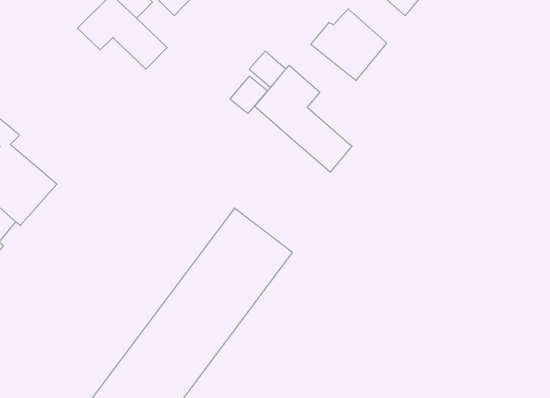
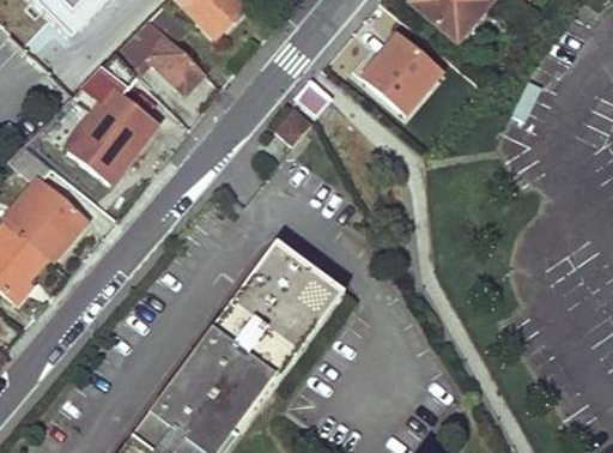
building: none -> [60,55,159,191]
building: [255,65,352,172] -> none

